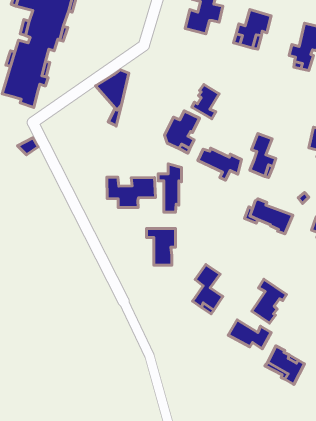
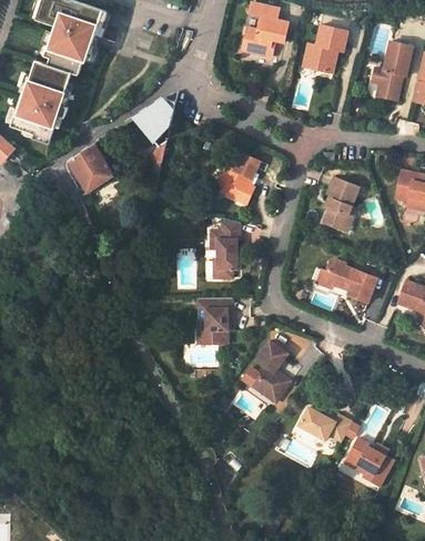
building: [192,84,219,119] -> none
building: none -> [67,144,111,192]
building: [198,148,241,180] -> none
building: [107,177,155,207] -> none
building: [252,279,287,323] -> none

